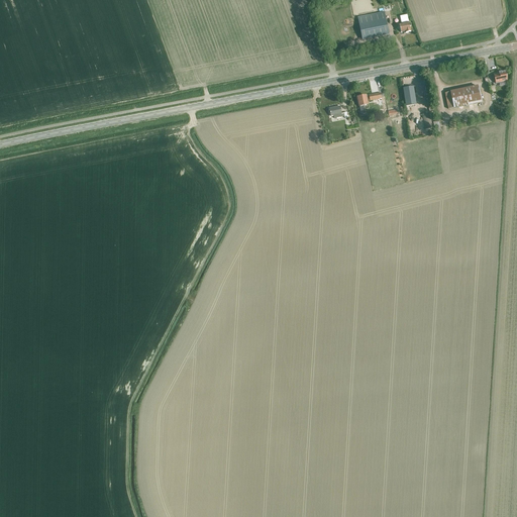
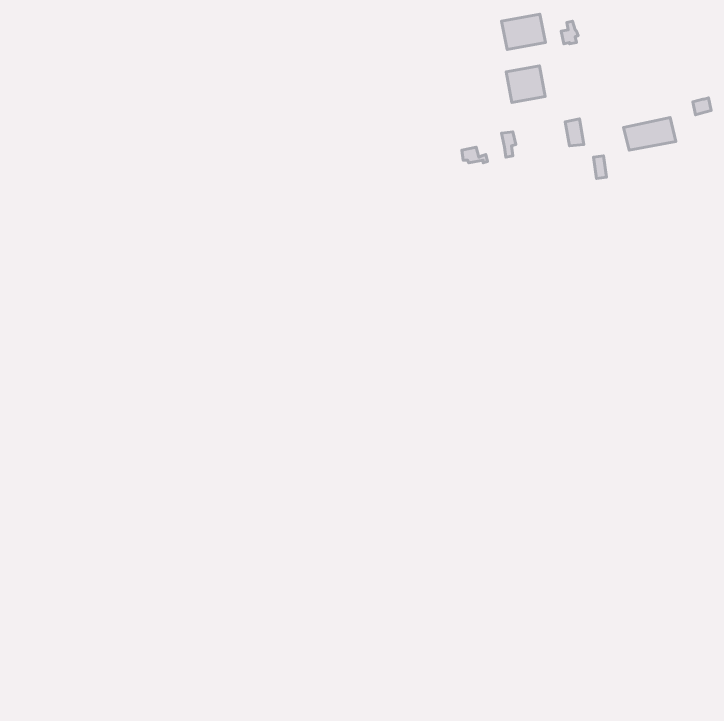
building: none -> [506,66,545,102]

